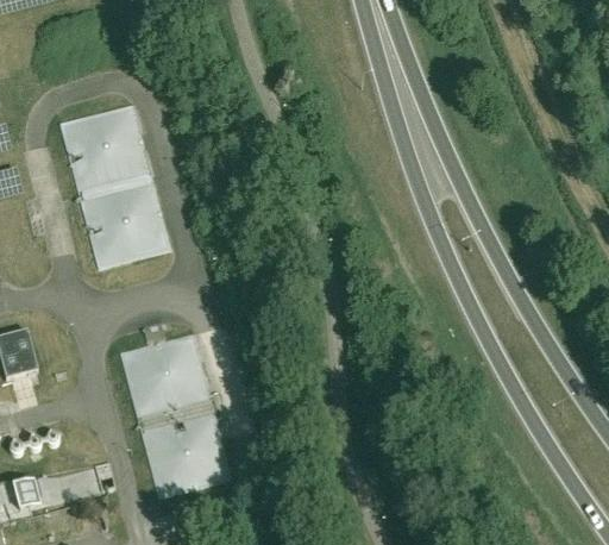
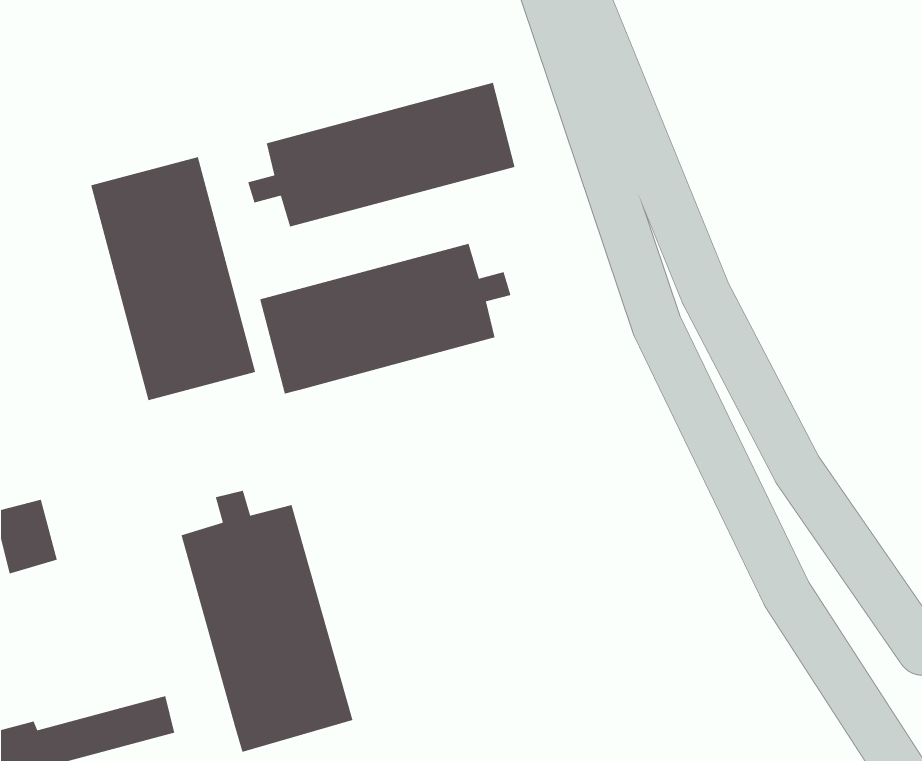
building: none -> [247,82,515,228]
building: none -> [259,243,511,395]

